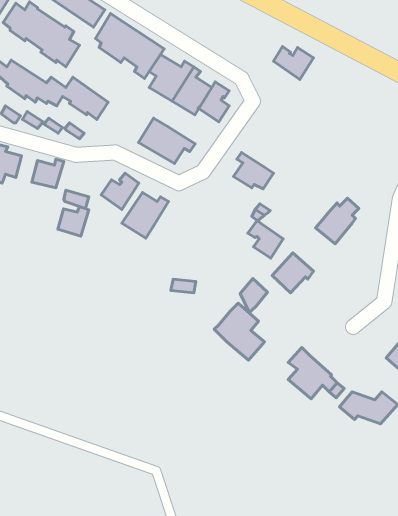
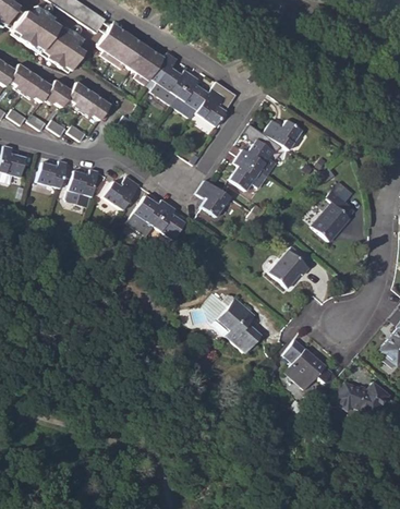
building: [273,47,313,80] -> [264,117,302,148]
building: [138,118,195,164] -> none
building: none -> [239,136,275,168]
building: none -> [155,201,185,237]
building: [58,206,89,236] -> [71,168,100,196]
building: [248,221,283,258] -> [198,178,232,214]
building: [240,279,268,313] -> [202,292,228,325]

